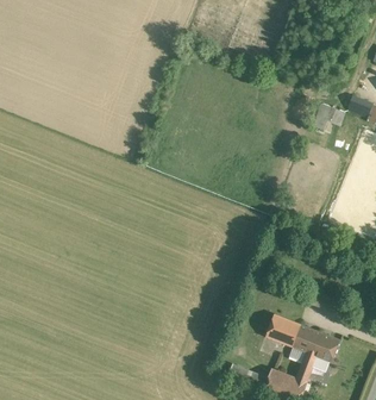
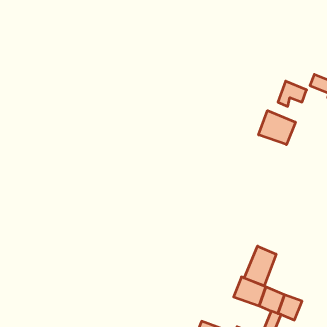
building: none -> [259,111,295,145]
building: none -> [244,246,276,286]

